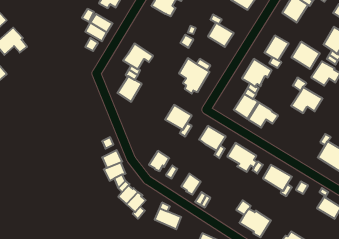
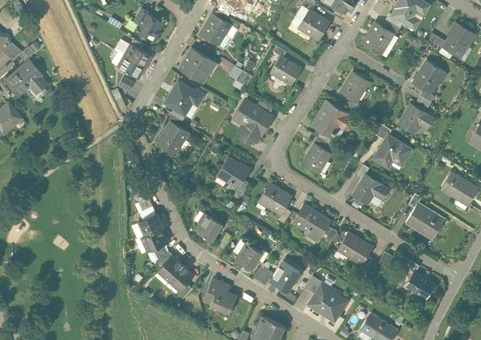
building: none -> [179,47,216,82]
building: [292,42,320,69] -> none
building: [248,103,278,128] -> [352,173,389,204]
building: none -> [272,262,299,291]

